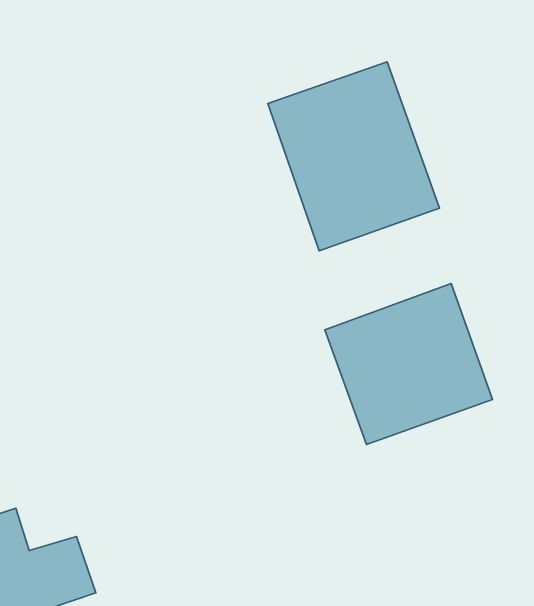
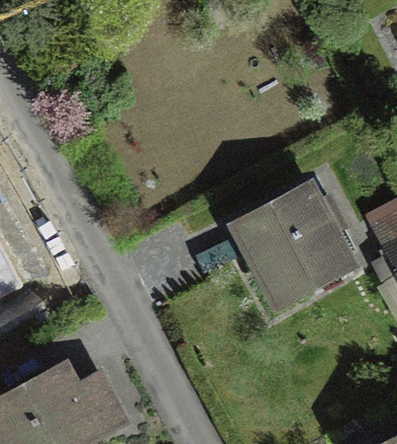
building: [268,62,439,251] -> none

